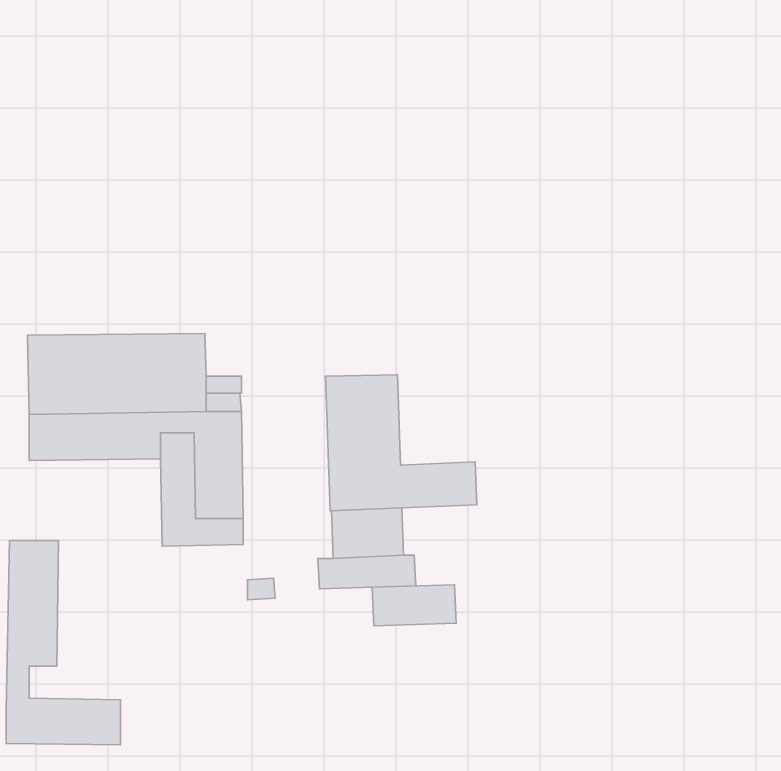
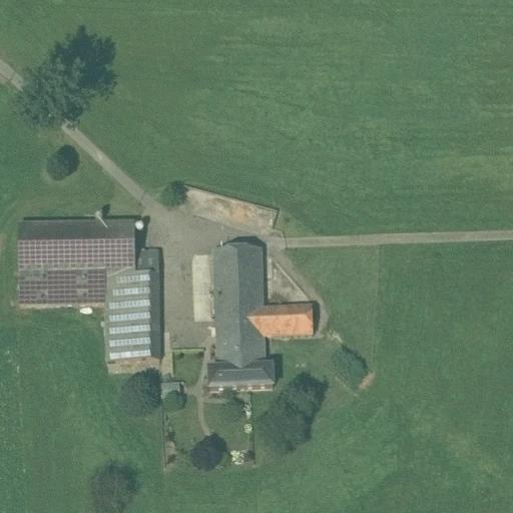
building: [6,540,120,745] -> none
building: [372,585,456,626] -> none

